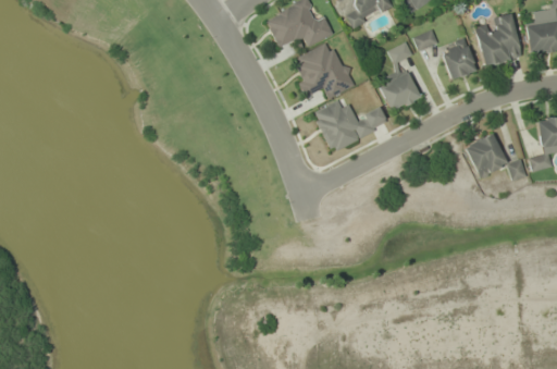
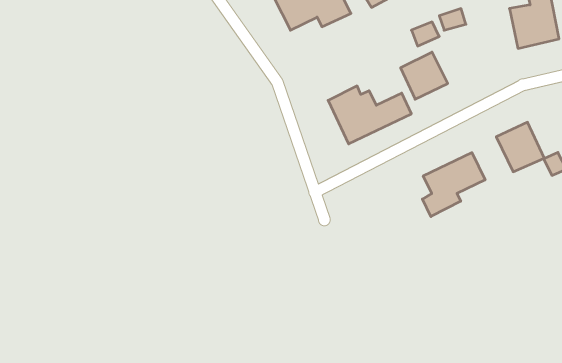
building: [441,39,476,78] -> none
building: [294,41,356,97] -> none
building: none -> [422,153,485,217]

